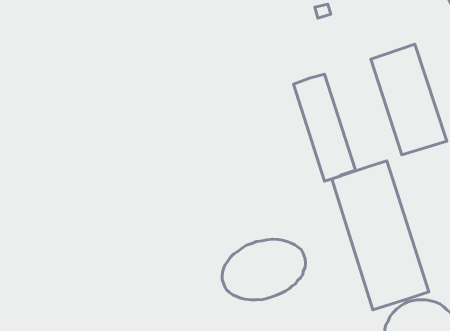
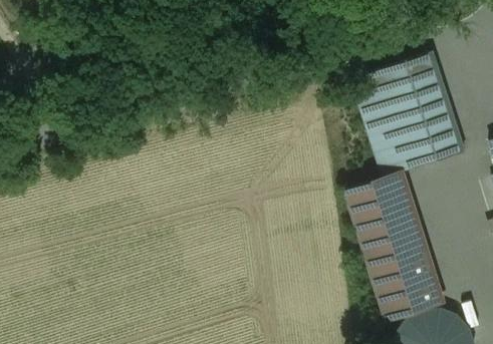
building: [293,74,355,181] -> [354,69,417,177]
building: [222,239,306,300] -> none

